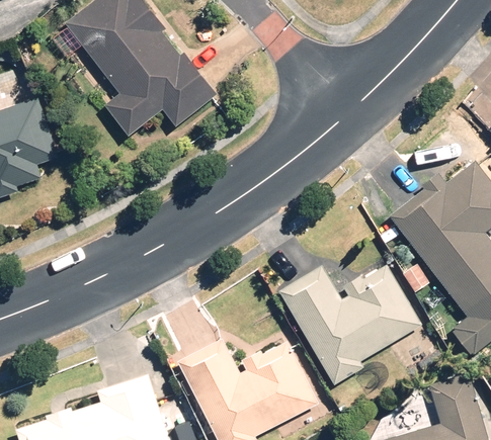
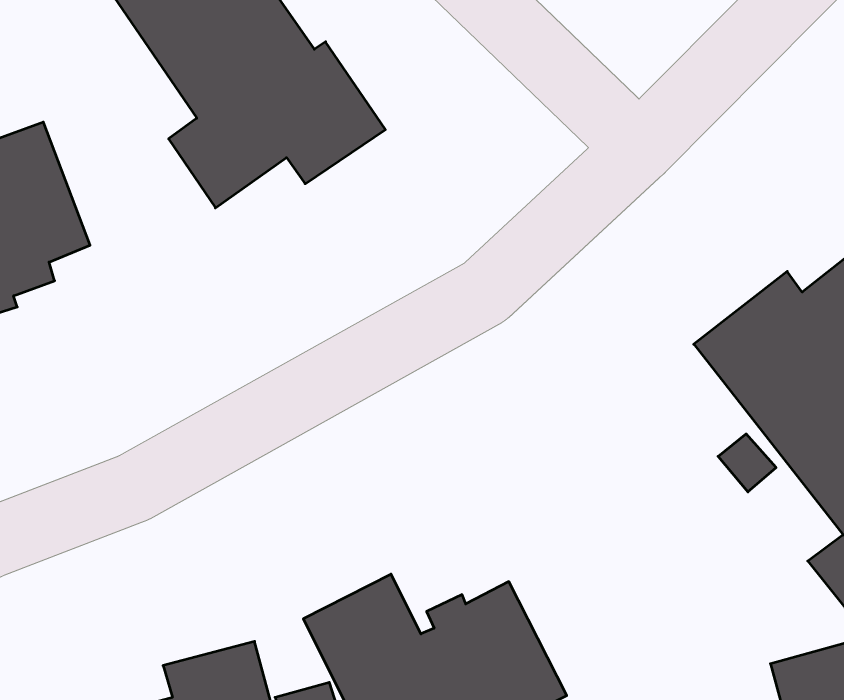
building: [279,266,424,387] -> none

